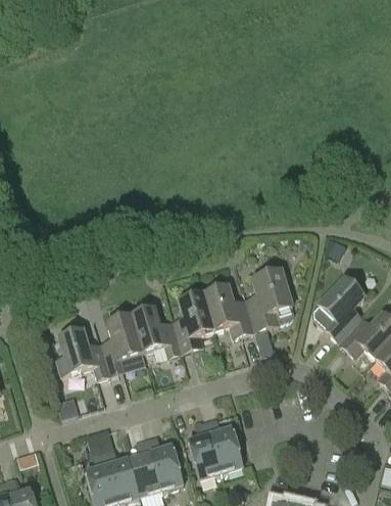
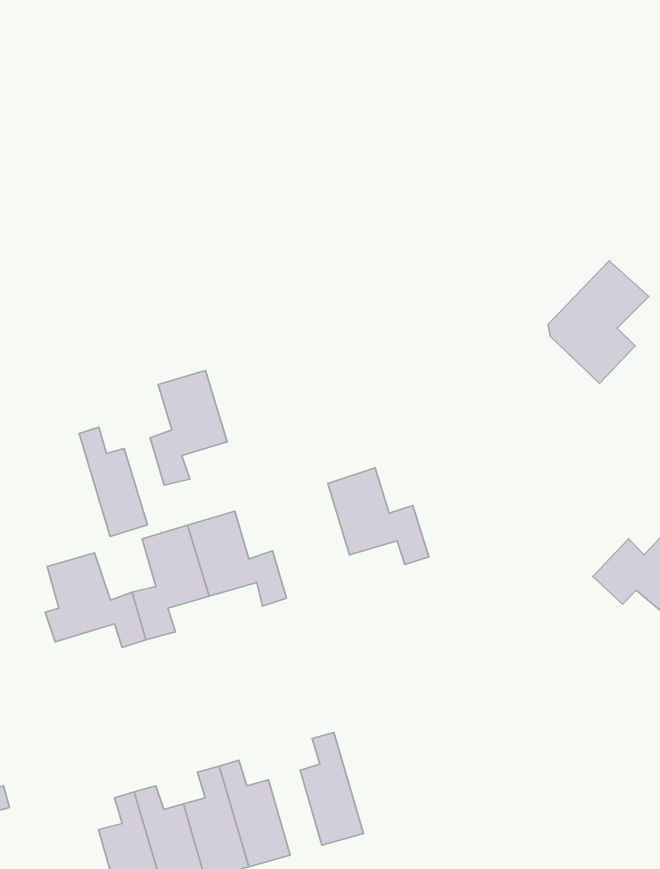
building: none -> [79,427,148,536]
building: [246,268,295,329] -> none
building: [313,276,365,339] -> [548,261,649,383]
building: [175,291,214,351] -> [150,371,227,485]
building: [206,417,244,472] -> none

